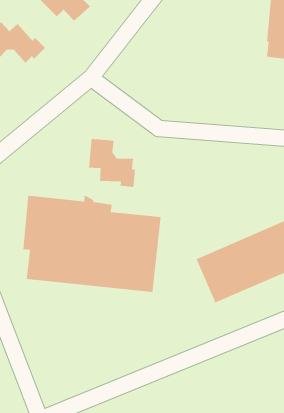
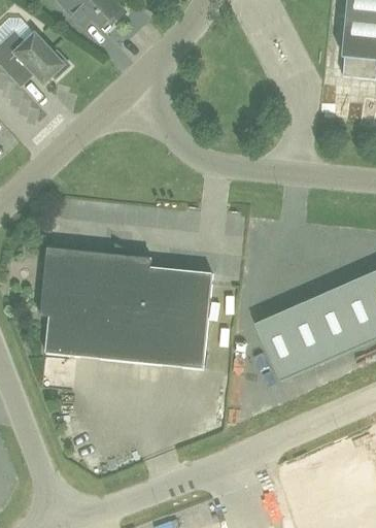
building: [88,138,136,188] -> none

